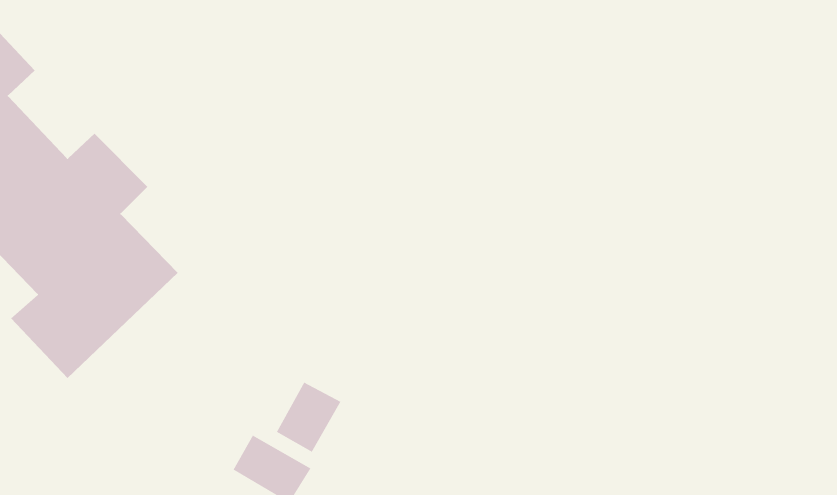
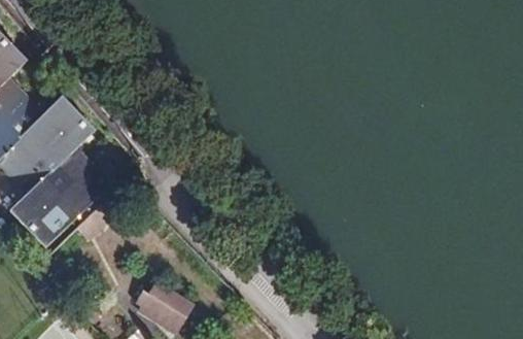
building: [276,382,341,453] -> none

